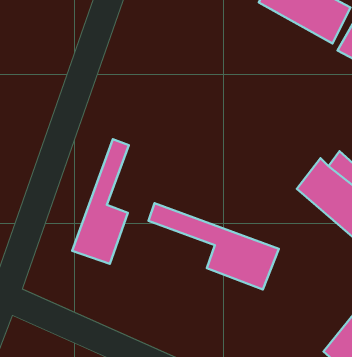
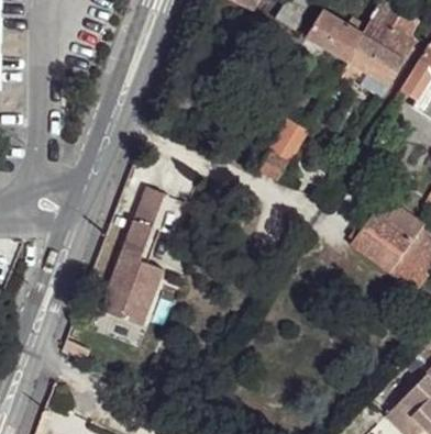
building: none -> [264,119,309,177]
building: [148,203,279,290] -> none

